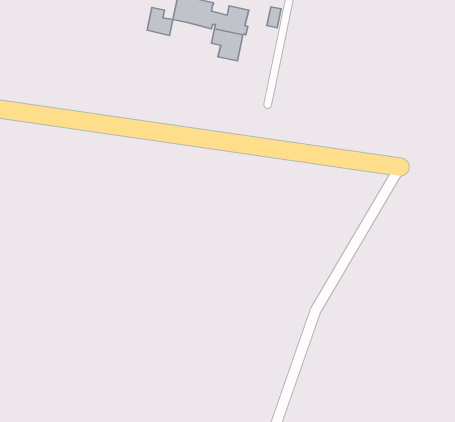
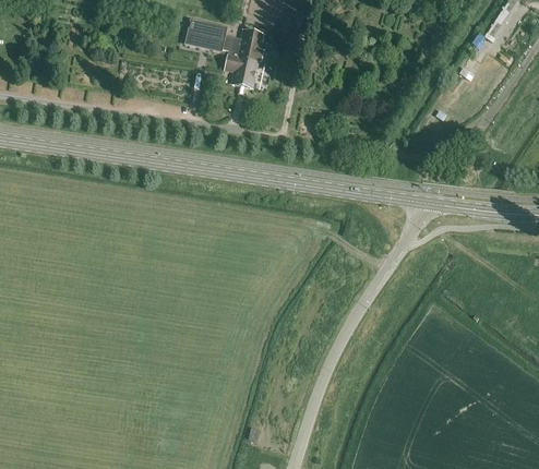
building: [147,7,173,35] -> none

